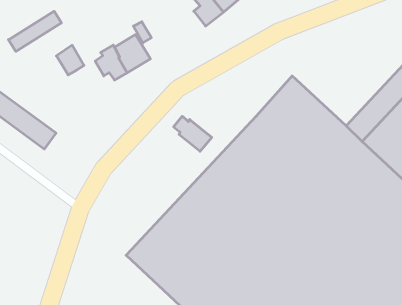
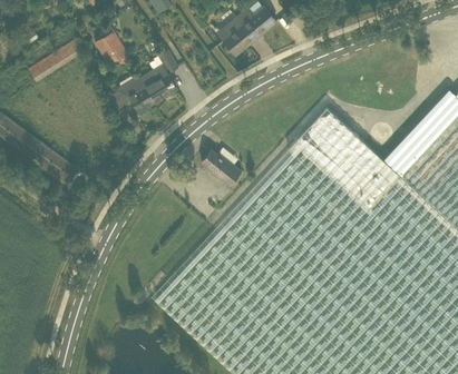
building: [56,45,84,75] -> [98,33,127,65]

